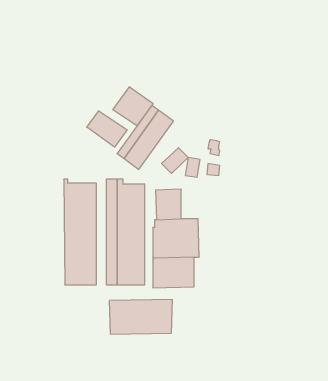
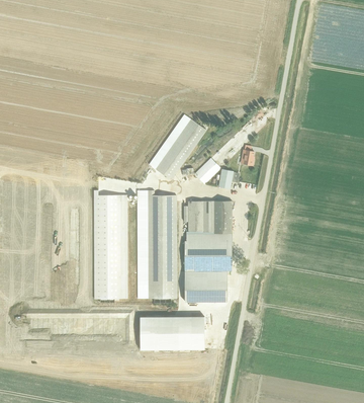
building: [113,87,153,126] -> none
building: [87,111,127,147] -> none
building: none -> [213,200,231,231]

